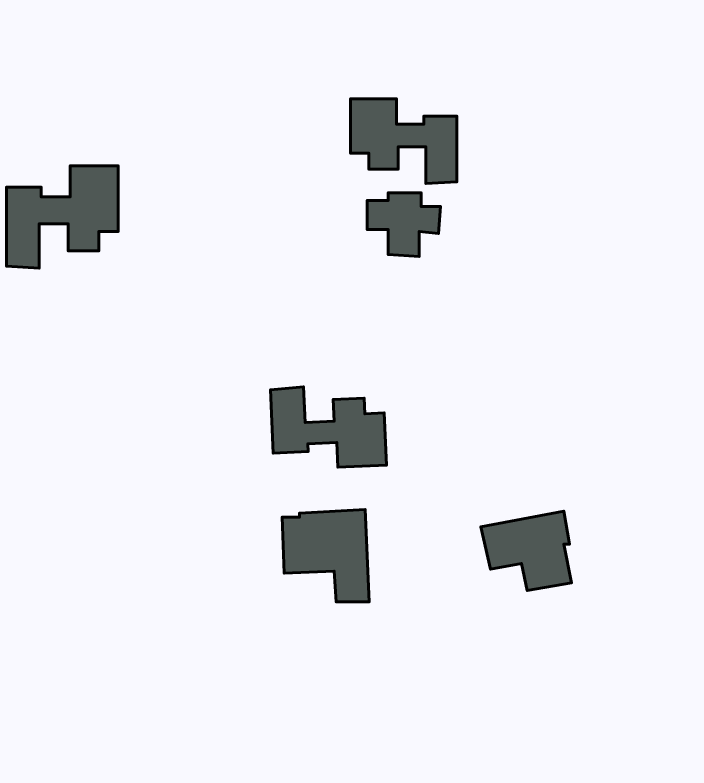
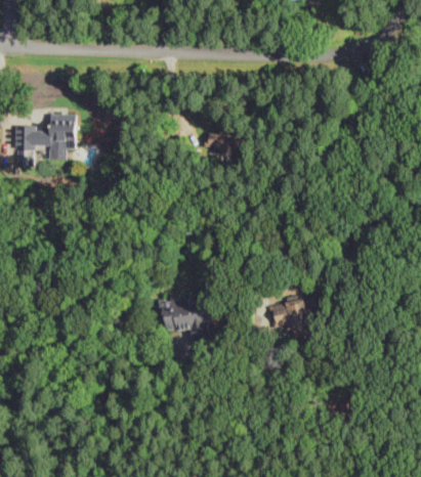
building: [351,99,457,183] -> none
building: [271,387,386,467] -> none

